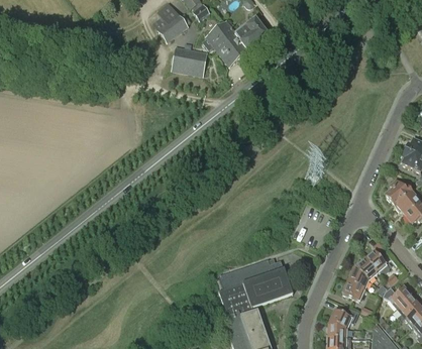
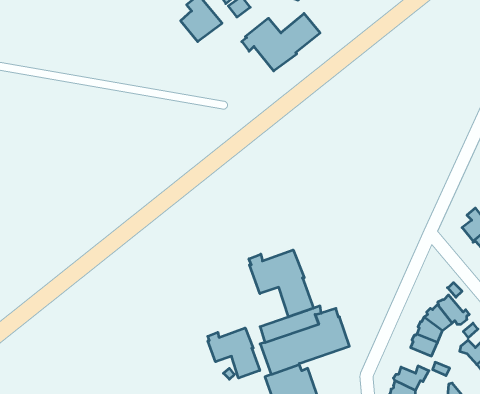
building: [173,48,207,75] -> none
building: none -> [249,250,313,317]
building: none -> [208,328,260,378]

